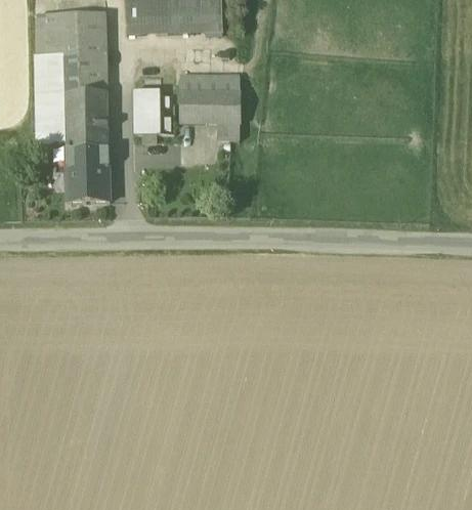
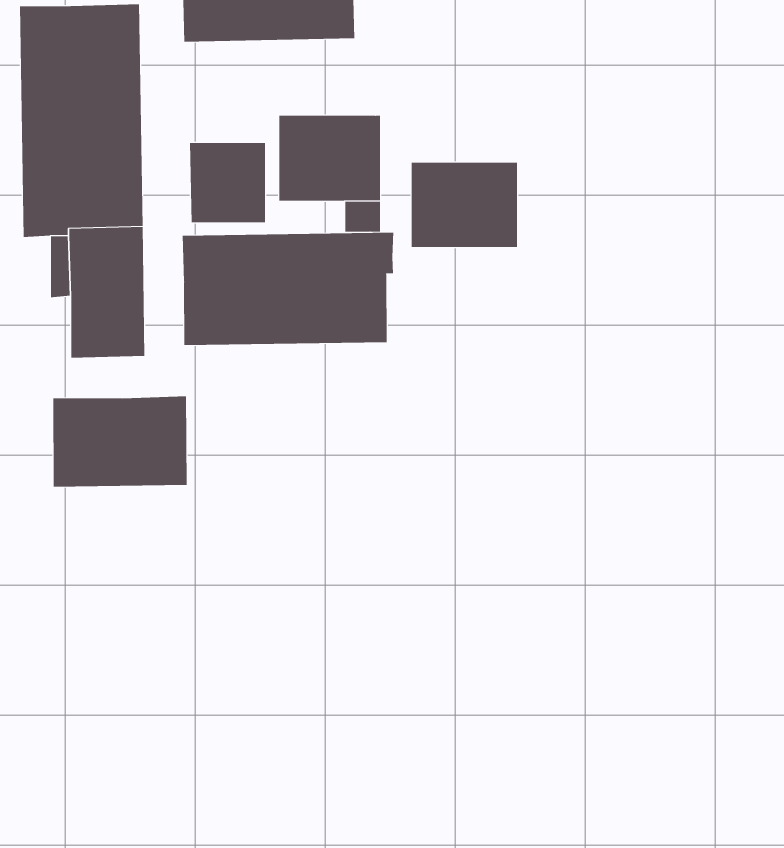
building: none -> [411,162,518,248]
building: none -> [182,232,394,346]
building: none -> [53,396,187,488]

